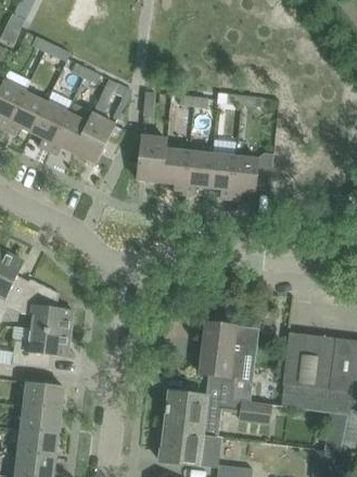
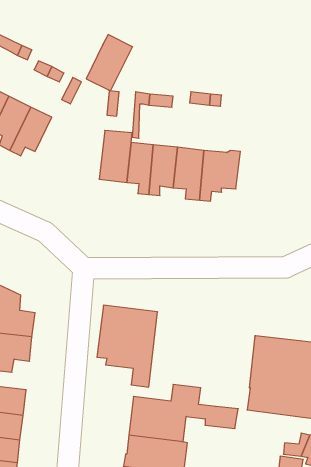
building: [72,108,117,164] -> [86,35,133,91]
building: [199,322,258,402] -> [97,305,158,387]

